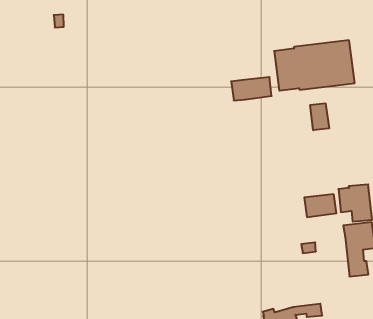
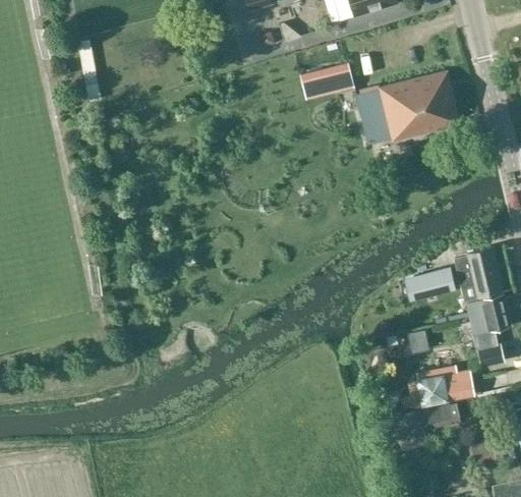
building: [231,77,272,100] -> [300,64,353,99]
building: [310,103,329,130] -> none
building: none -> [417,370,475,405]

